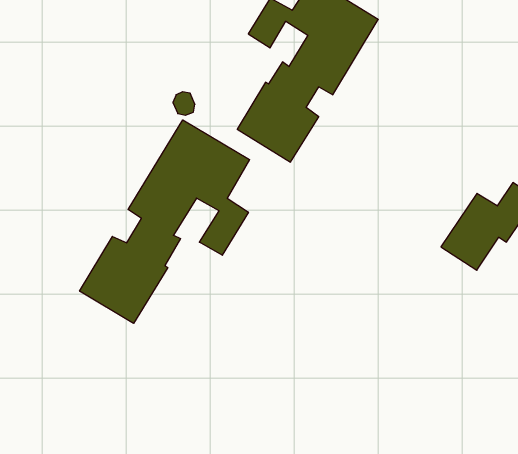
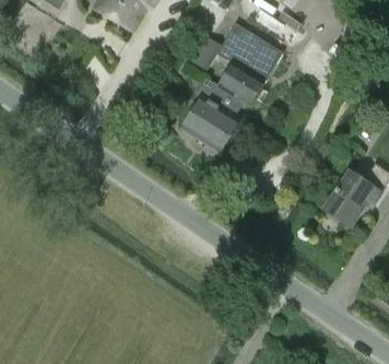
building: [80,120,250,323] -> none

